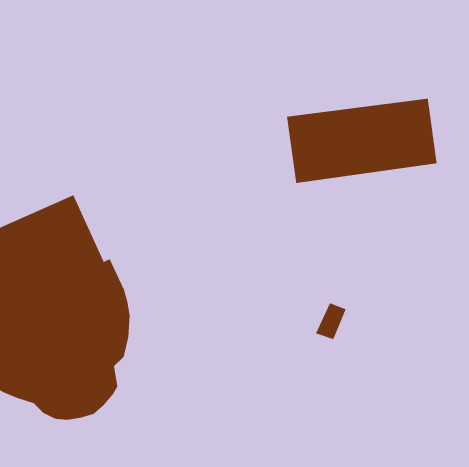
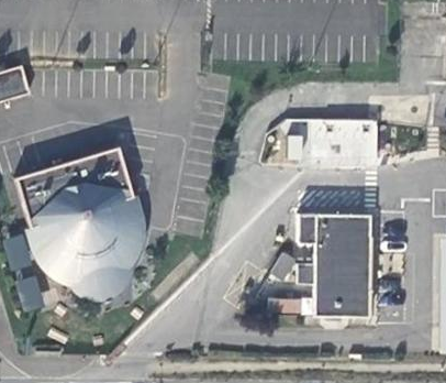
building: none -> [300,211,371,314]

